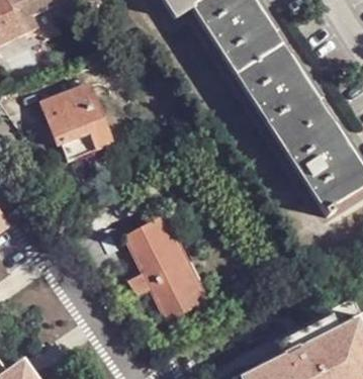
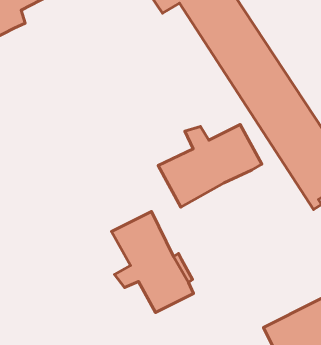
building: [41,82,114,160] -> none
building: none -> [158,125,262,207]

